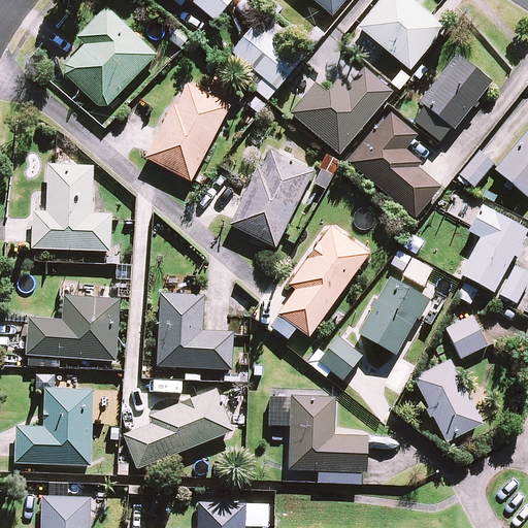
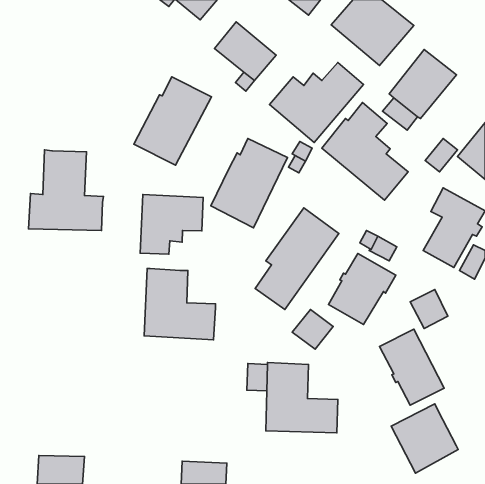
building: [64,6,157,105] -> none
building: none -> [140,195,203,254]
building: [26,294,121,360] -> none
building: [14,387,94,465] -> none
building: [122,387,233,468] -> none
building: none -> [391,404,458,473]

